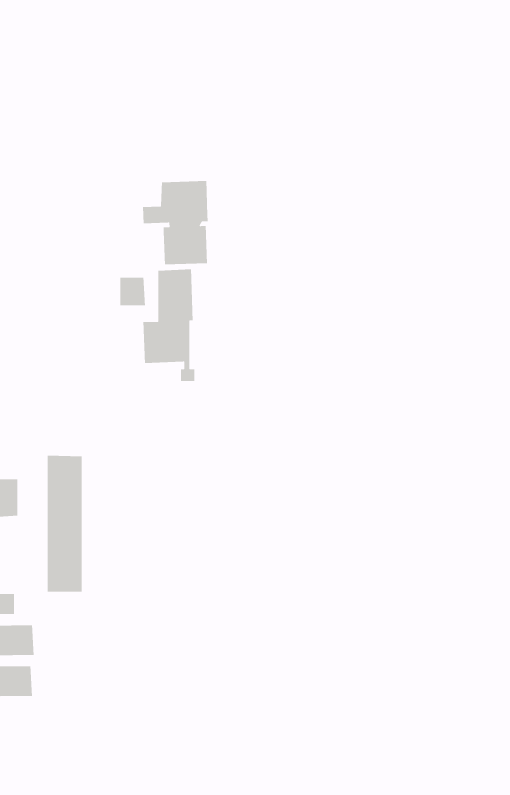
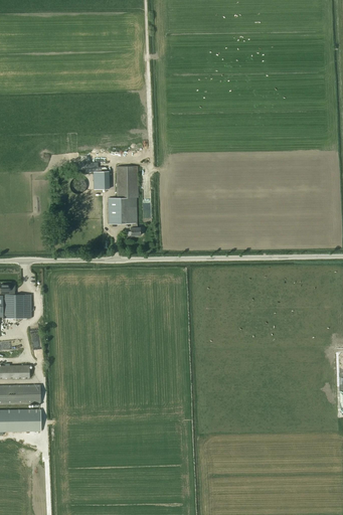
building: [142,180,208,265] -> none
building: [47,455,83,592] -> none

